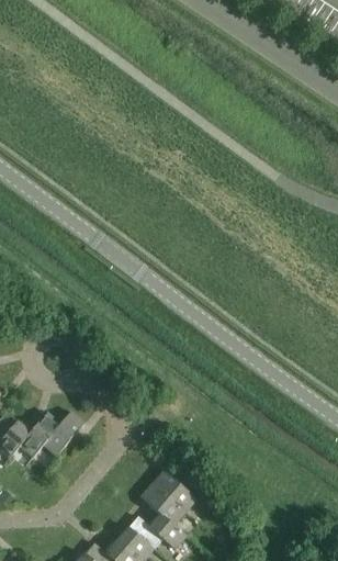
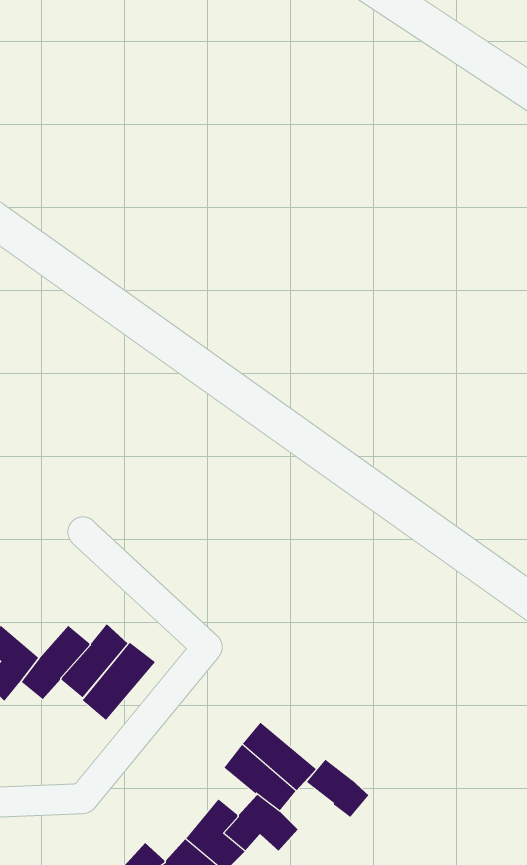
building: none -> [82,642,156,721]
building: none -> [307,759,369,818]

